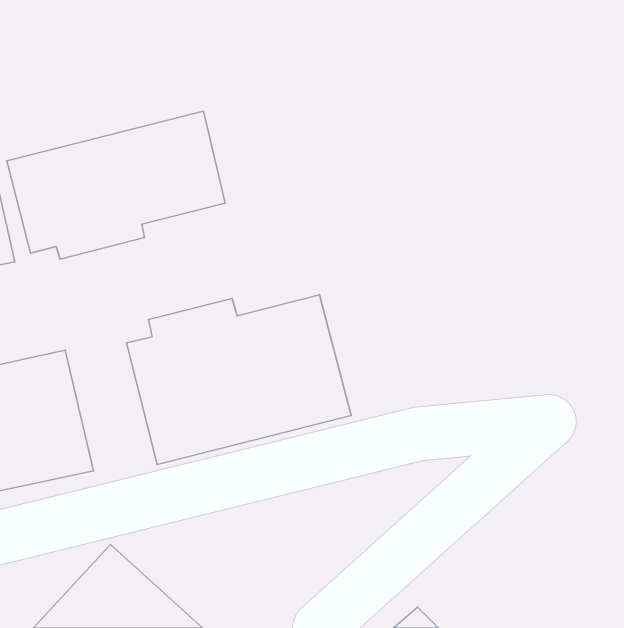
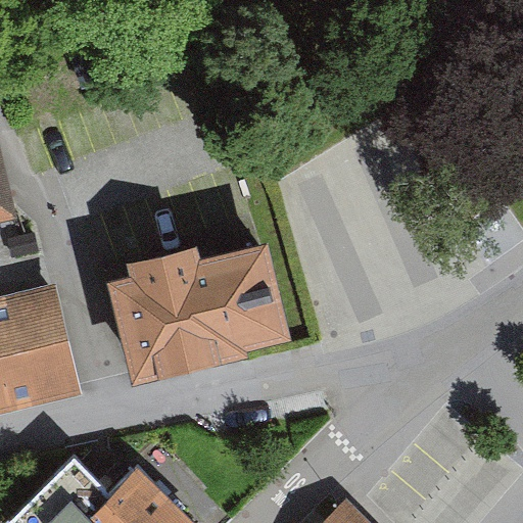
building: [7,111,225,259] -> none

